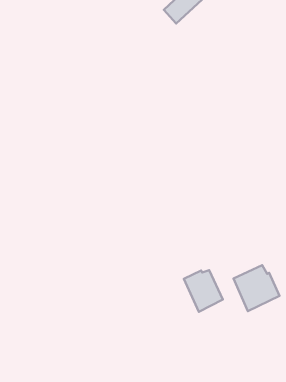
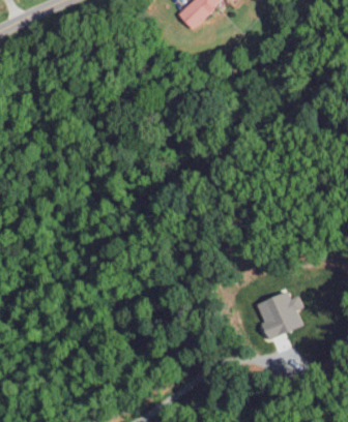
building: [184,270,223,312] -> none

